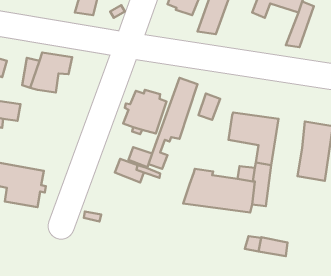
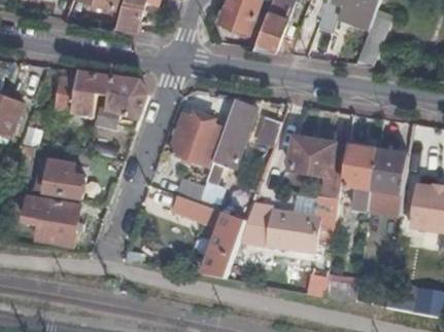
building: none -> [96,78,146,132]
building: none -> [344,142,376,213]
building: none -> [35,160,84,199]
building: none -> [202,214,244,280]

